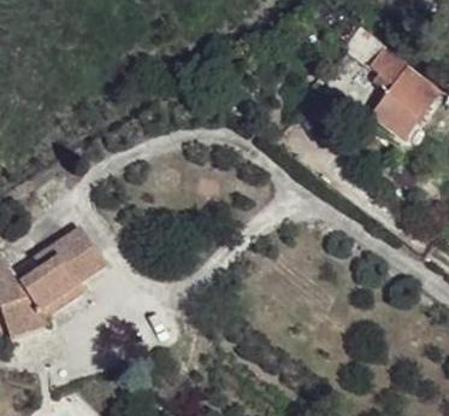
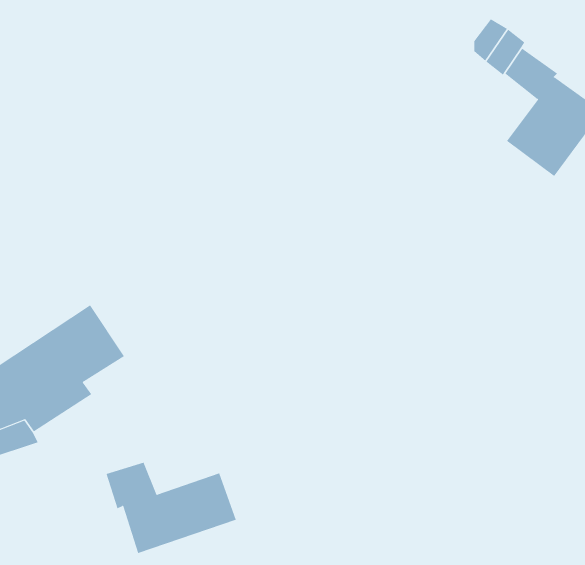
building: none -> [106,462,237,554]

